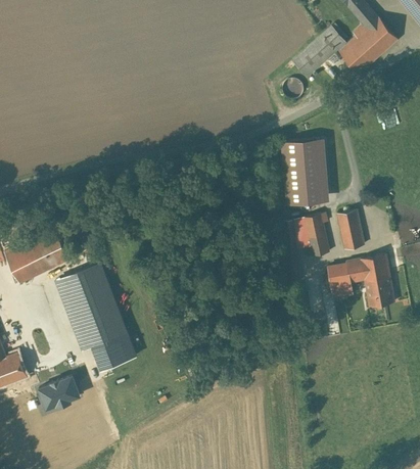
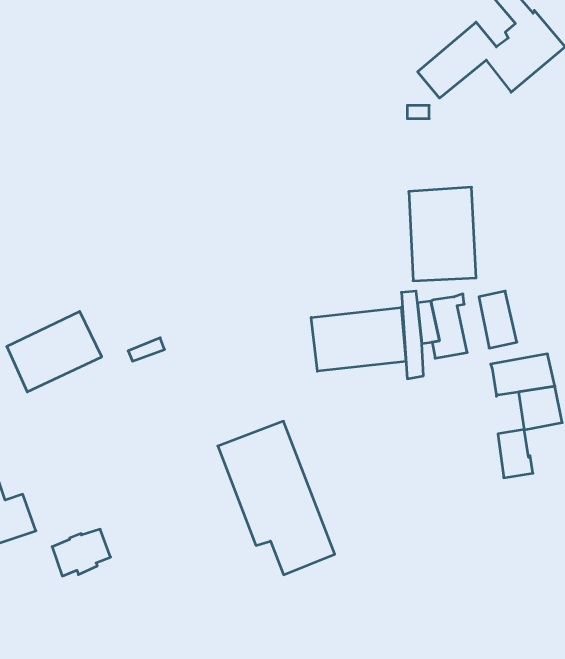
building: none -> [311,307,406,371]
building: [54,264,136,371] -> [218,421,335,575]
building: [327,265,352,298] -> [498,429,533,478]

